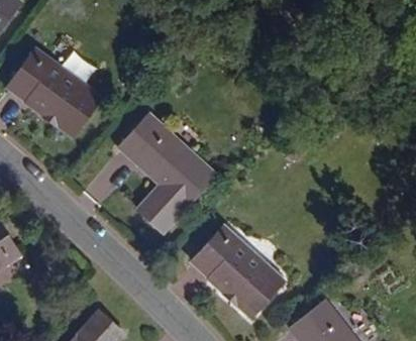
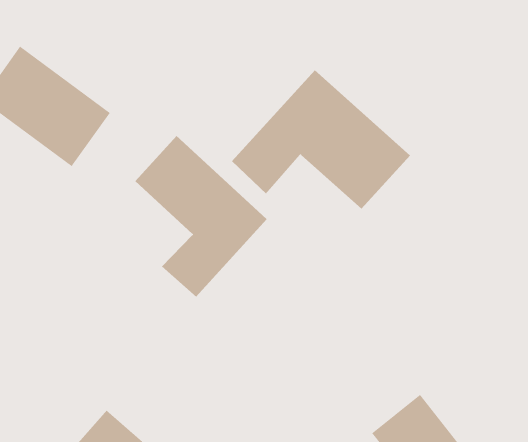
building: none -> [231,69,411,209]
building: [191,225,284,316] -> none

